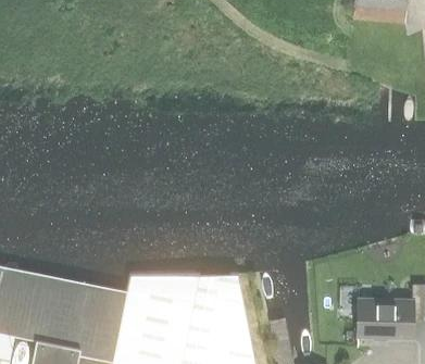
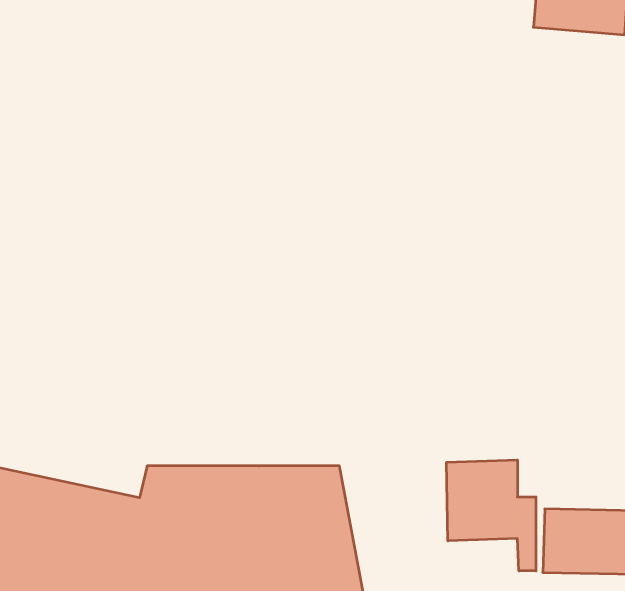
building: none -> [447,460,536,571]

